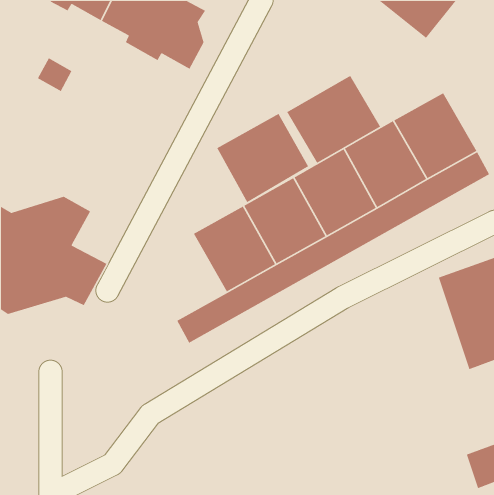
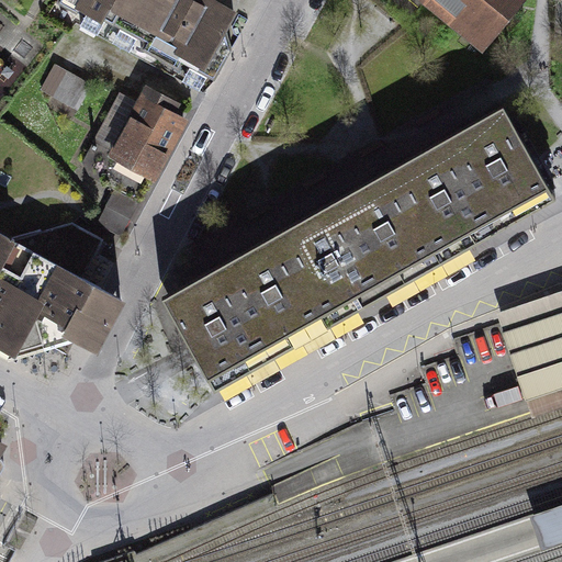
building: [286,75,381,164] -> none
building: none -> [83,90,184,218]
building: [216,113,309,203] -> none
building: none -> [162,265,258,363]

